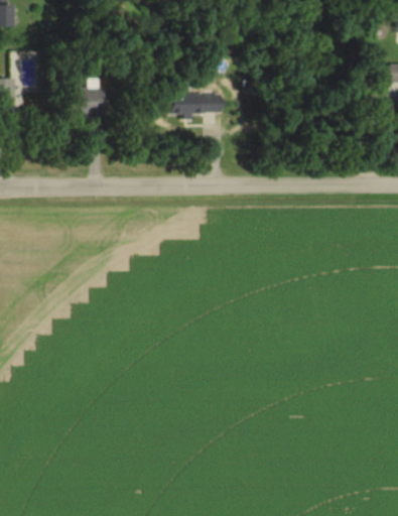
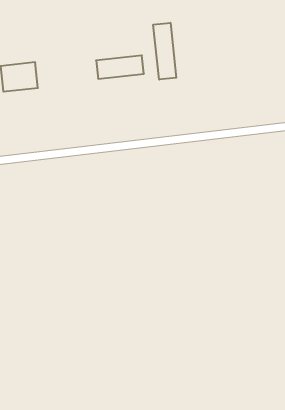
building: none -> [153,23,176,80]

